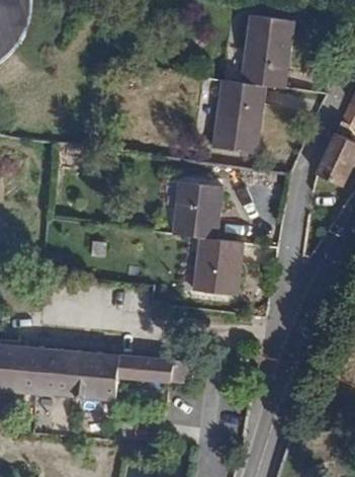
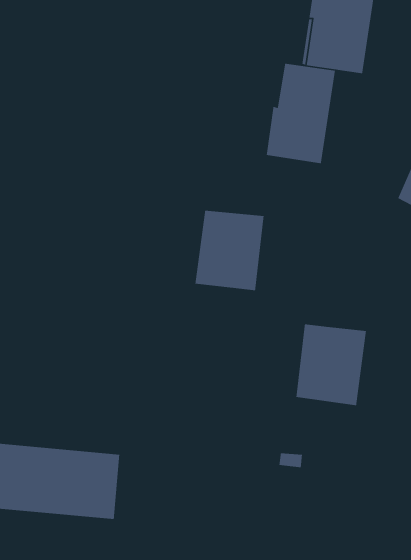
building: [191,238,242,297] -> [296,323,367,406]
building: [120,356,171,383] -> none

